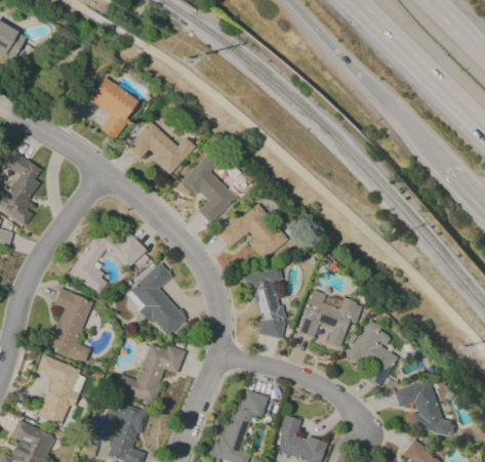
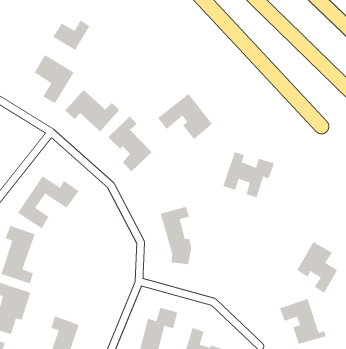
building: none -> [53,20,90,51]
building: [218,203,287,260] -> [157,93,213,140]
building: [127,263,187,337] -> none
building: [298,290,363,347] -> [222,151,275,198]
building: [347,321,398,385] -> [296,241,338,293]
building: [116,344,185,403] -> none

